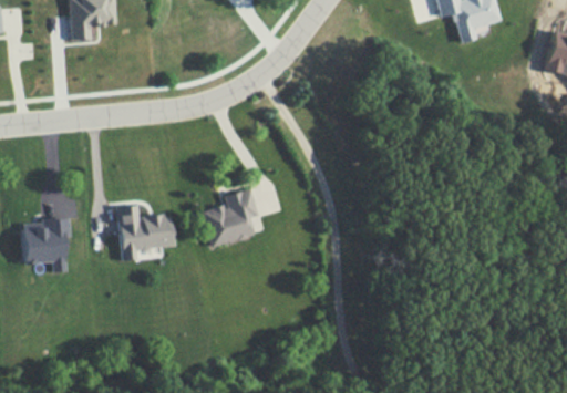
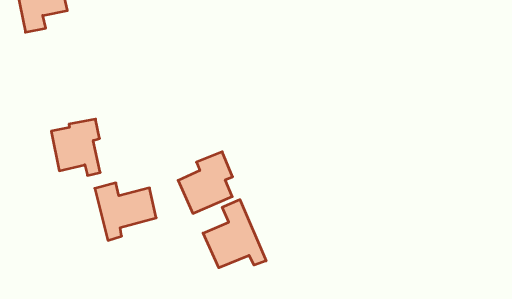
building: [23,218,71,273] -> [51,119,100,175]
building: none -> [203,200,266,268]

